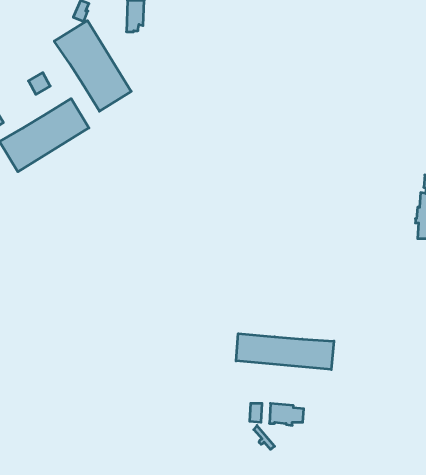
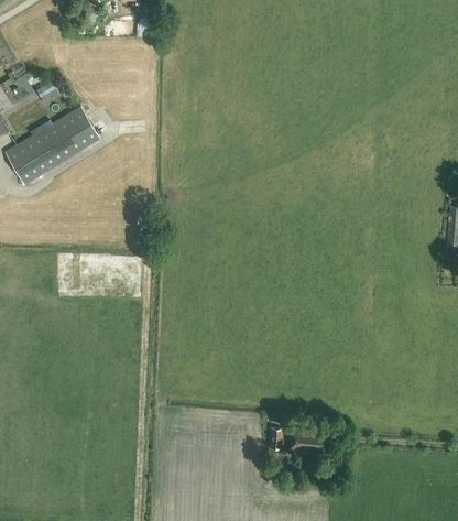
building: [54,21,131,111] -> none
building: [236,334,334,370] -> none

